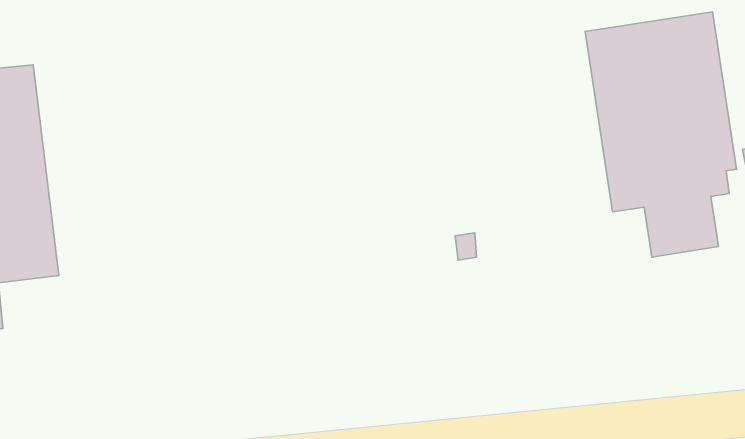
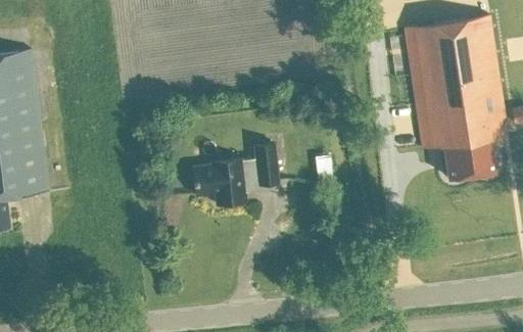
building: none -> [195,146,278,203]

